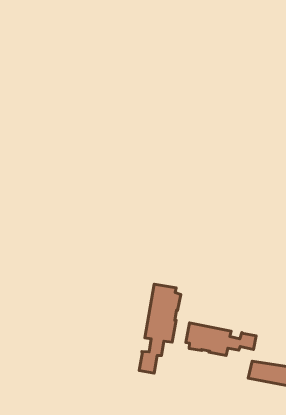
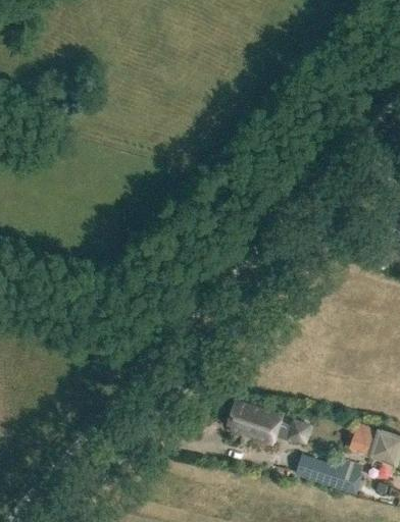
building: [139,284,181,373] -> none

